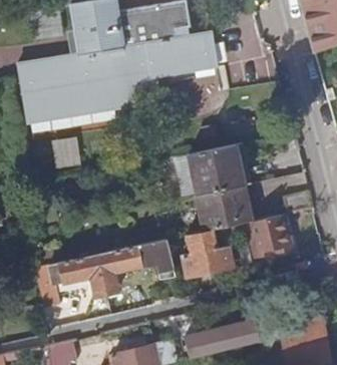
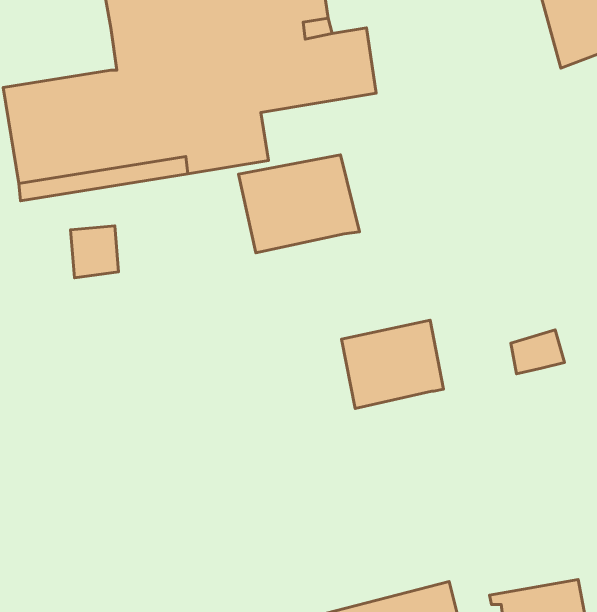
building: [190,143,253,195] -> [239,155,360,253]
building: [247,214,295,258] -> none
building: [184,231,234,275] -> none
building: [38,239,176,306] -> none

